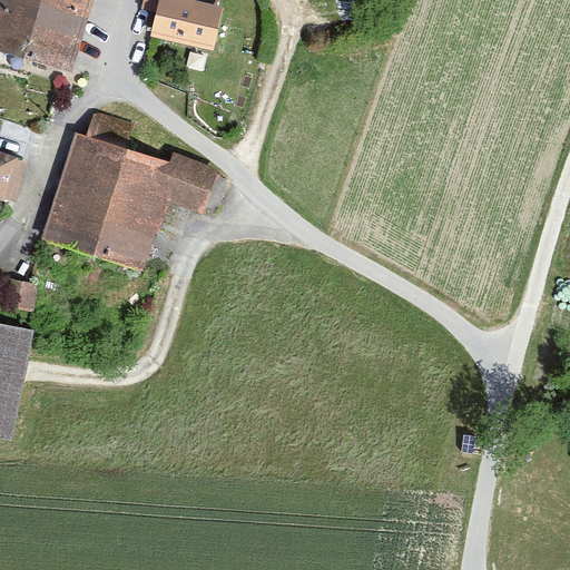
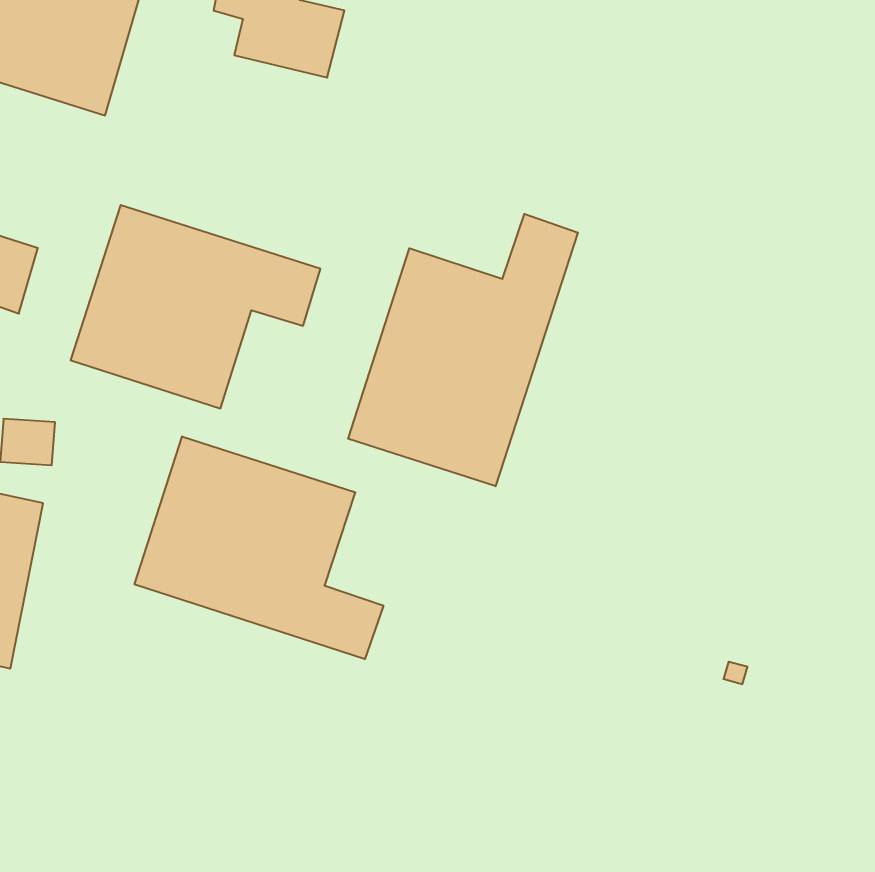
building: none -> [348,214,578,486]
building: none -> [135,436,383,659]

